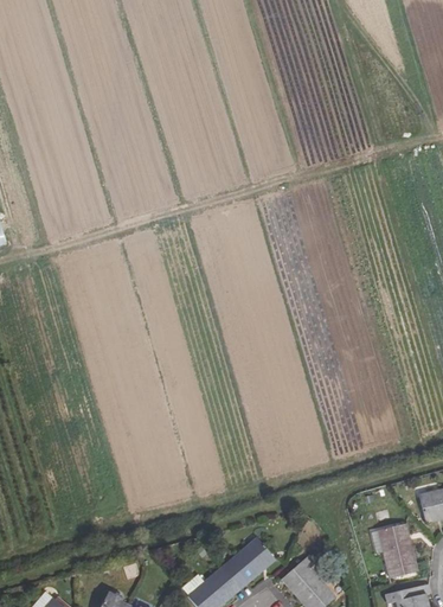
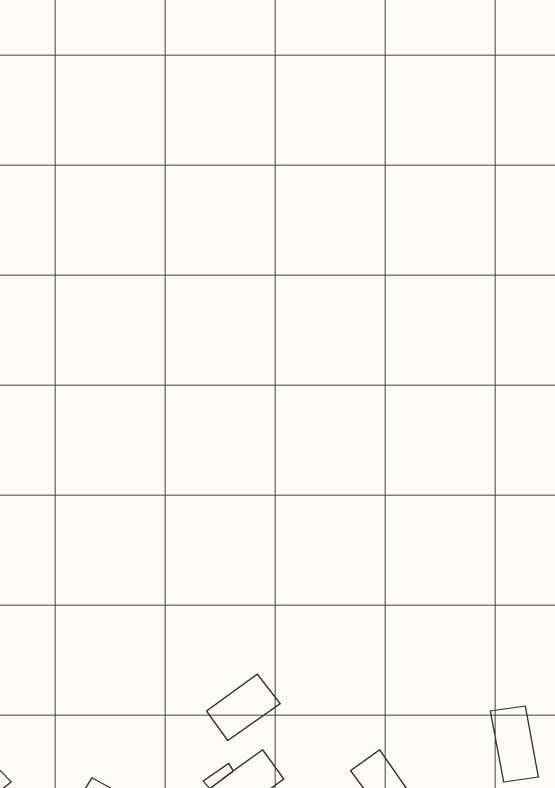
building: [224,538,274,584] -> [207,674,280,740]

